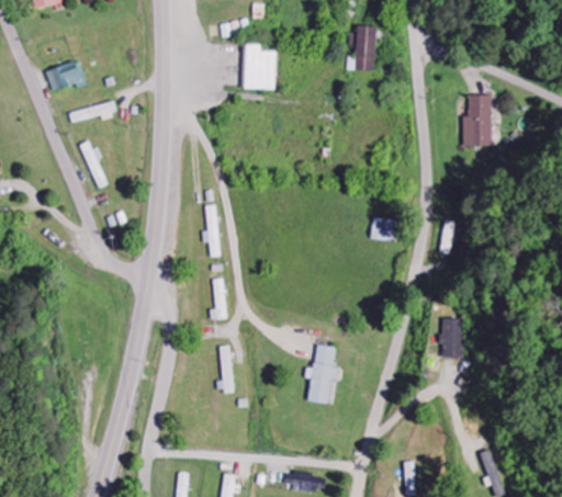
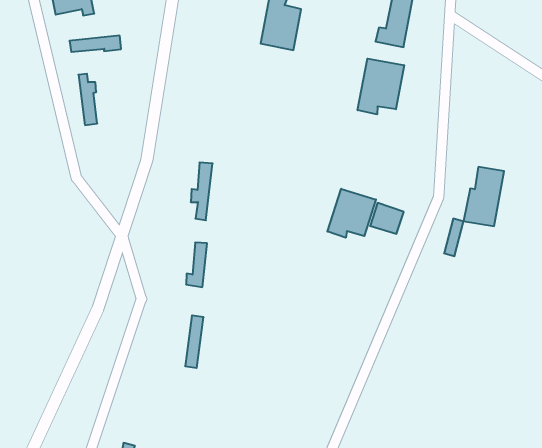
building: none -> [358,59,404,114]
building: [462,94,492,146] -> [464,167,504,226]
building: none -> [327,189,376,238]
building: [440,317,464,357] -> none
building: [305,344,338,403] -> none

